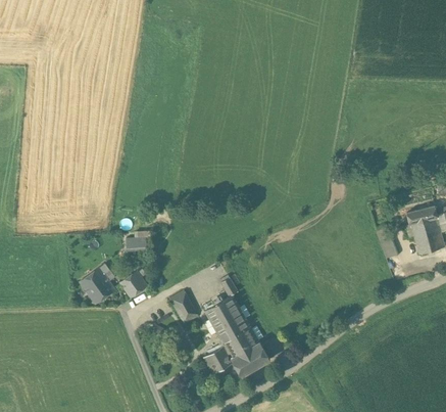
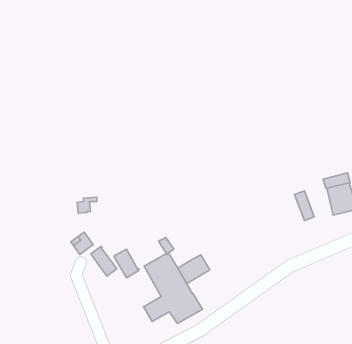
building: [79,264,113,304] -> none
building: none -> [91,247,117,276]
building: none -> [178,255,210,283]

